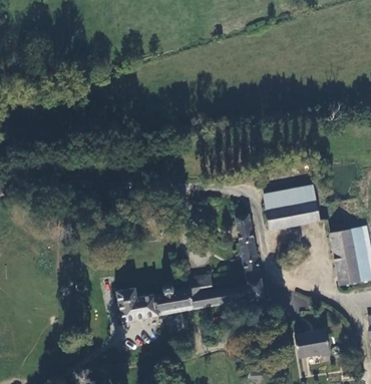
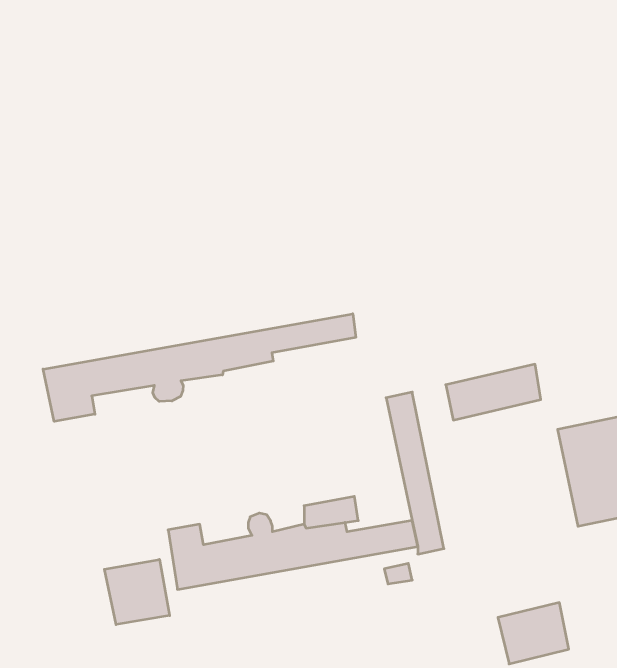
building: none -> [43,314,356,421]
building: [262,182,314,210] -> none
building: none -> [104,559,170,625]

